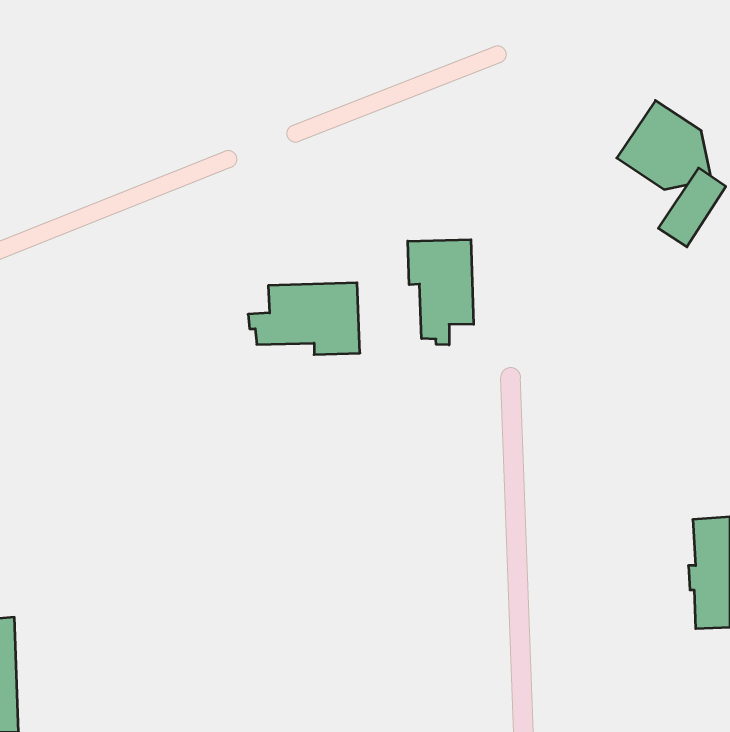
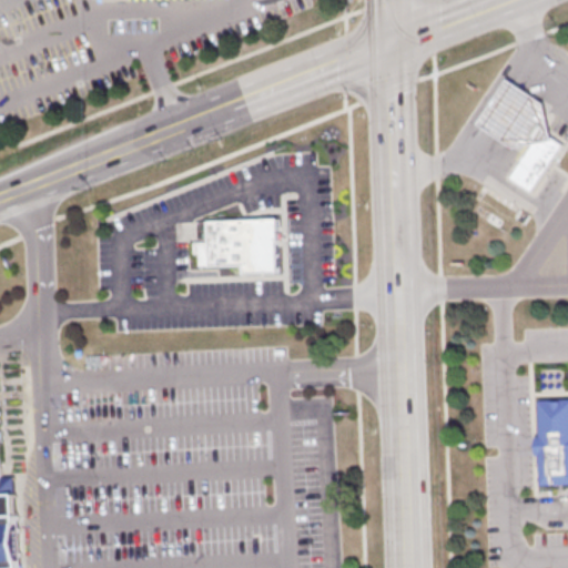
building: [408,240,474,345] -> none

